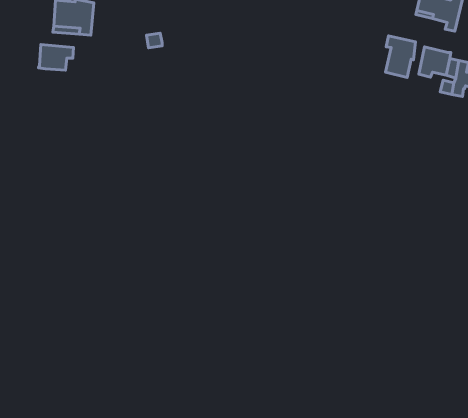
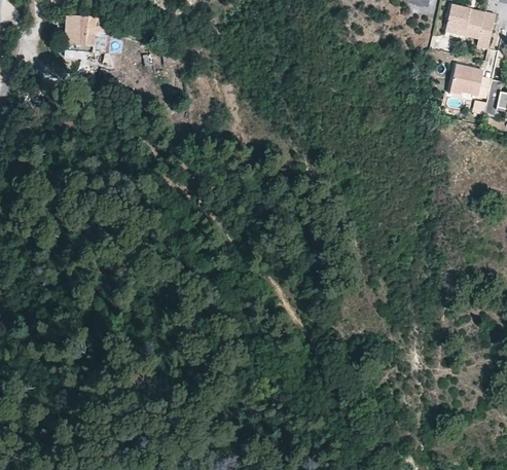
building: [385,36,416,77] -> none
building: [39,44,73,70] -> none

